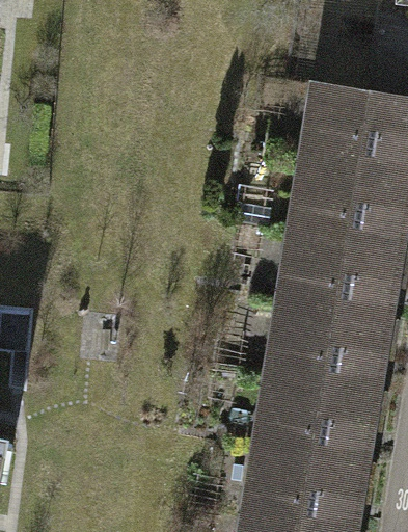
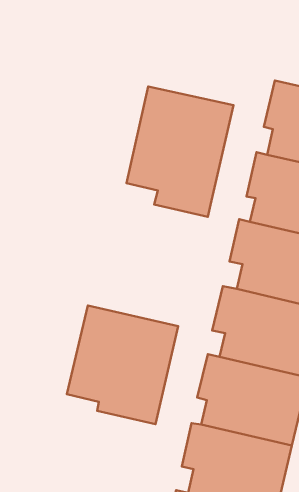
building: none -> [127,86,233,217]
building: none -> [67,305,178,424]

